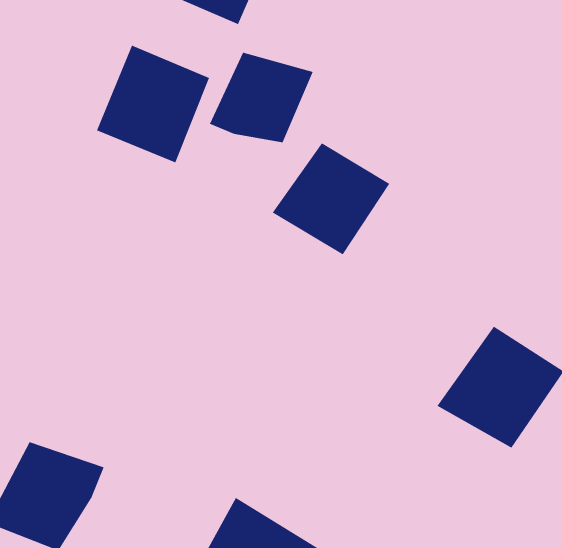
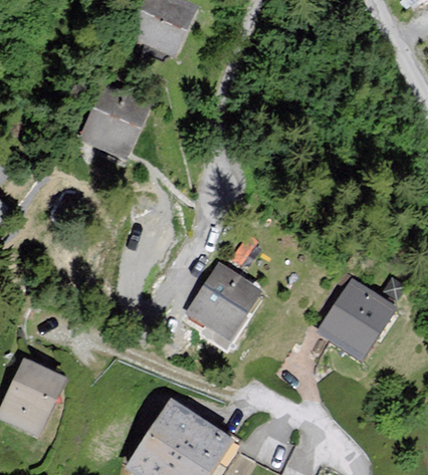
building: [209,52,313,143] -> none
building: [272,143,390,255] -> [182,261,265,340]

